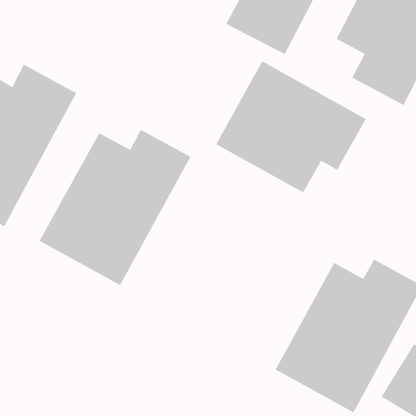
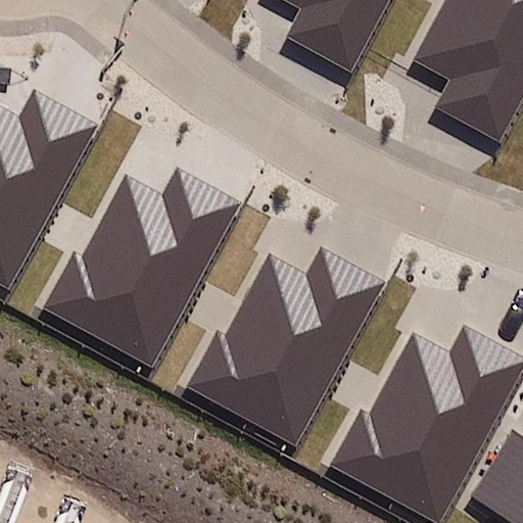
building: [215,60,367,193] -> none
building: none -> [196,250,381,440]

